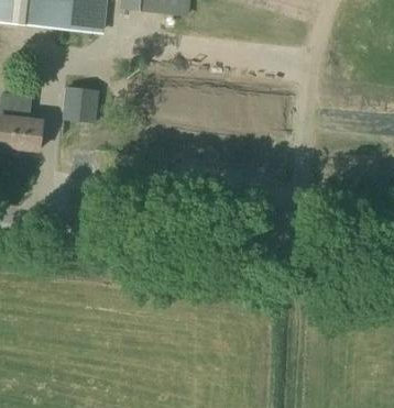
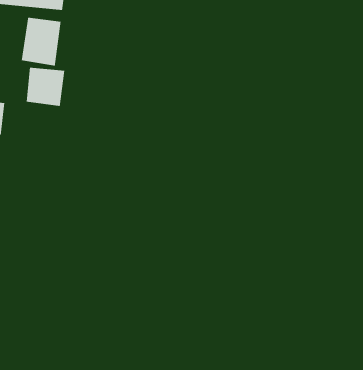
building: none -> [21,17,61,67]

